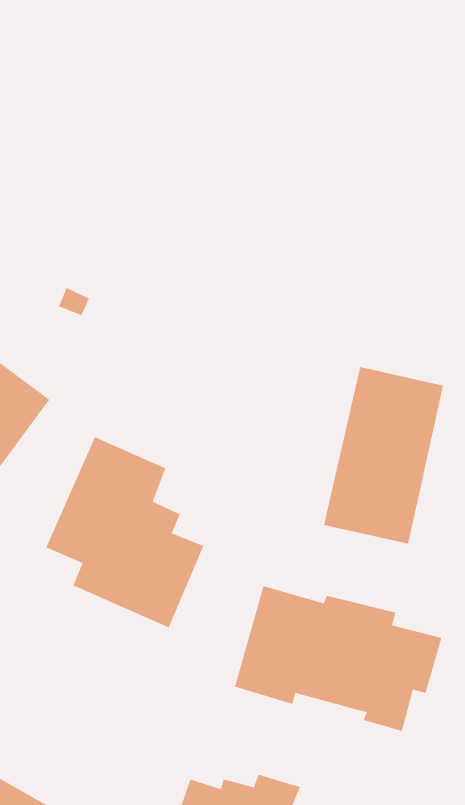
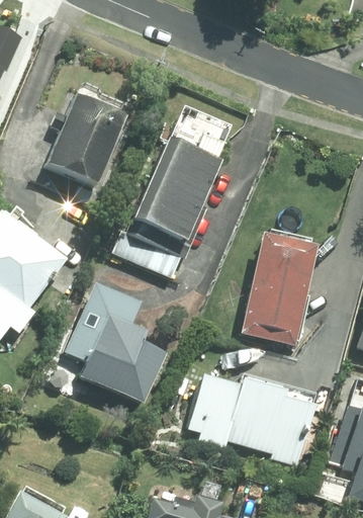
building: none -> [43,97,120,186]
building: none -> [109,136,221,277]

